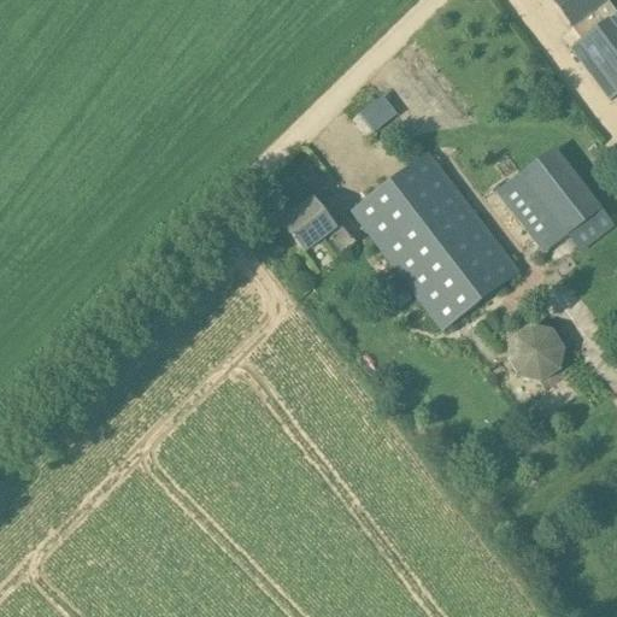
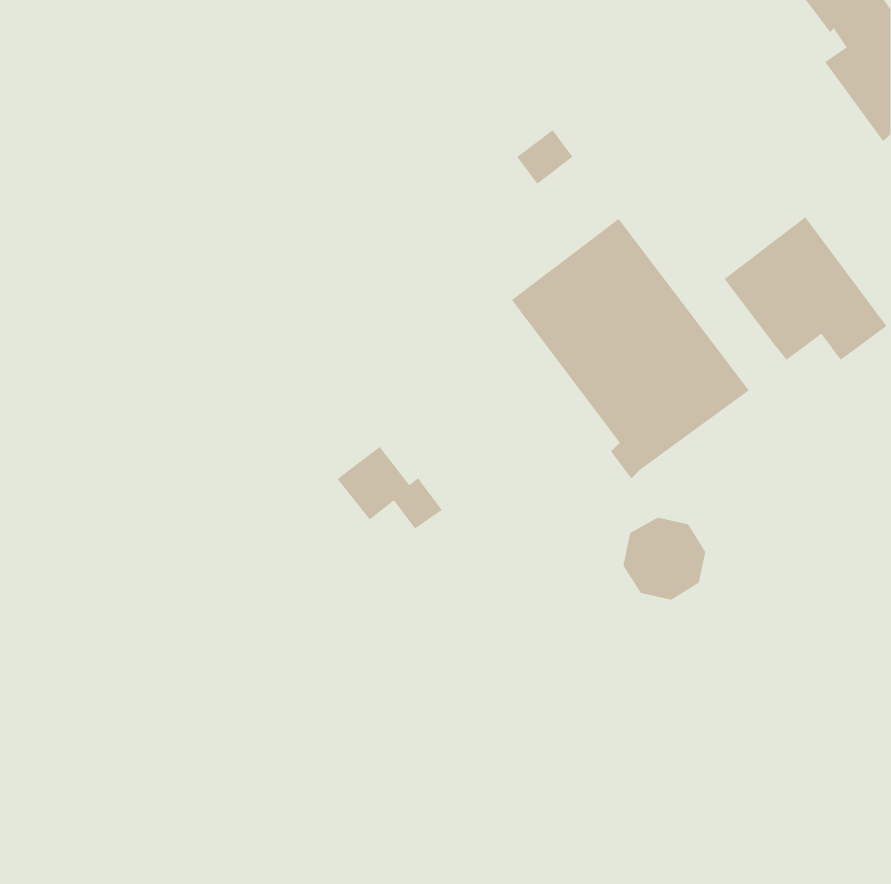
building: [283,196,357,254] -> [336,446,443,529]
building: [507,322,565,380] -> [623,517,706,601]

